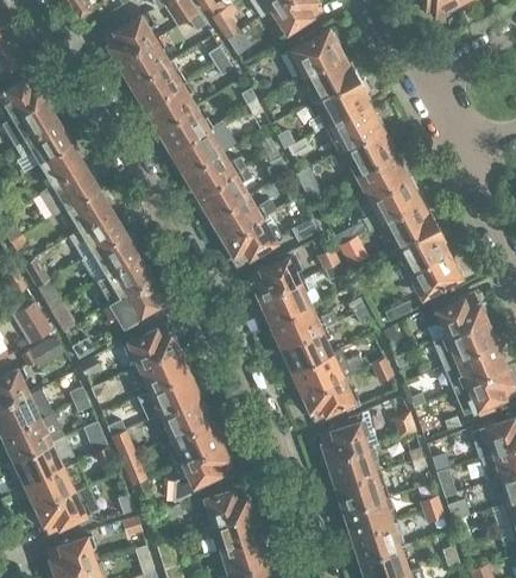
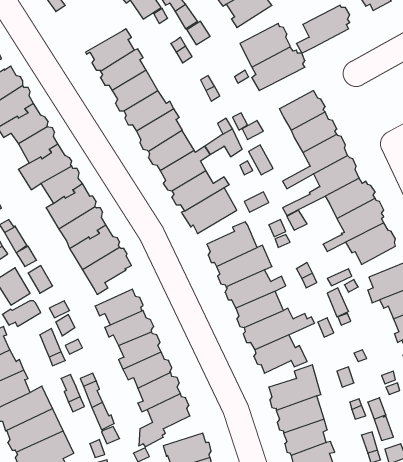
building: [105,12,156,62] -> none
building: [310,78,370,132] -> [296,5,350,53]

